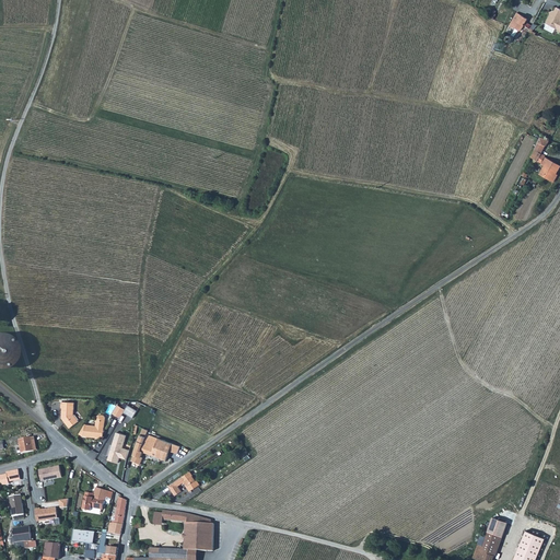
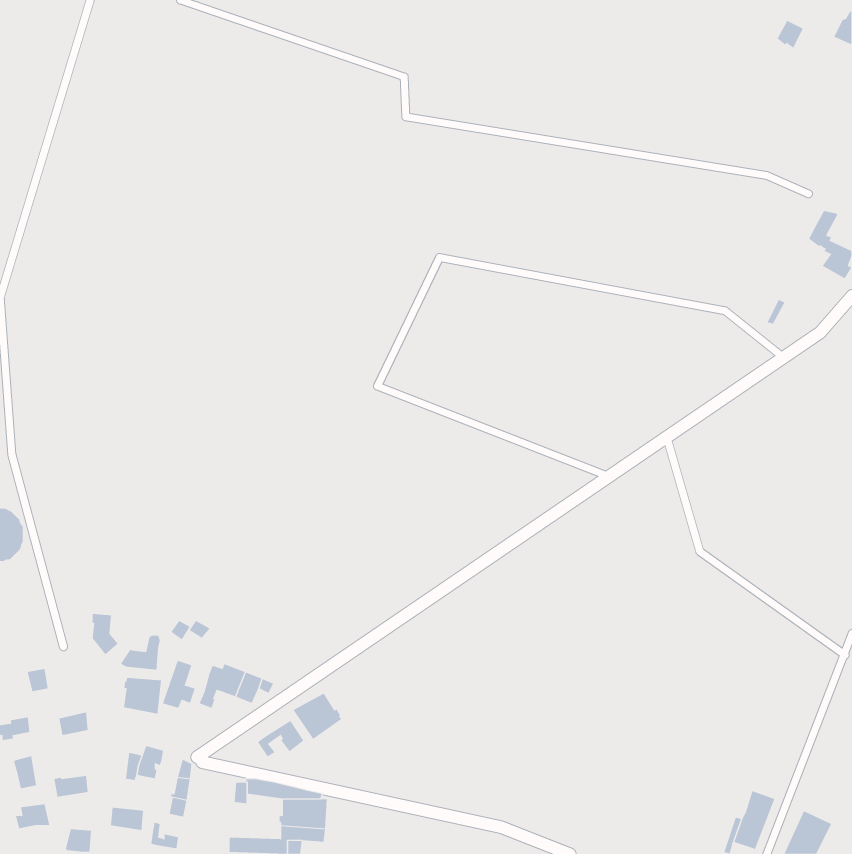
building: none -> [124,677,161,715]
building: none -> [293,693,342,740]

